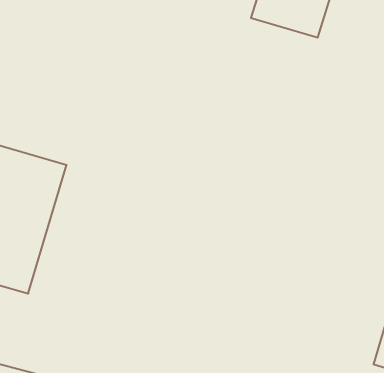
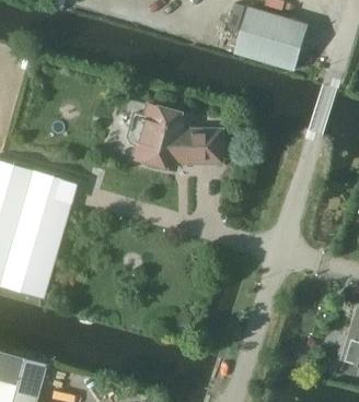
building: none -> [126,104,219,169]

